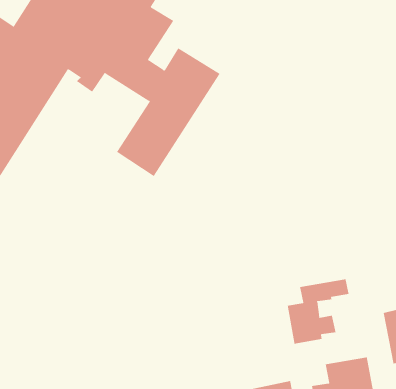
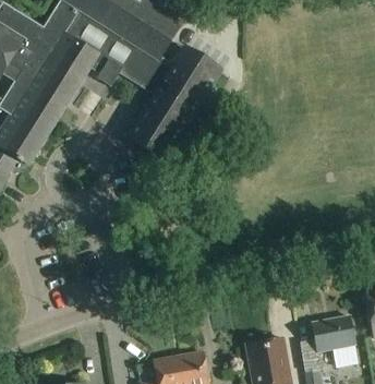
building: [287,278,349,344] -> none

